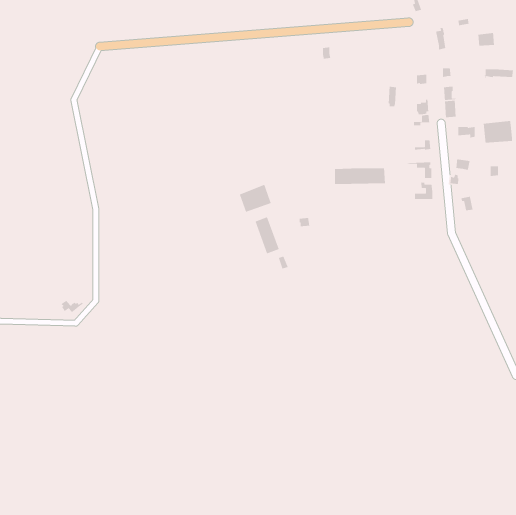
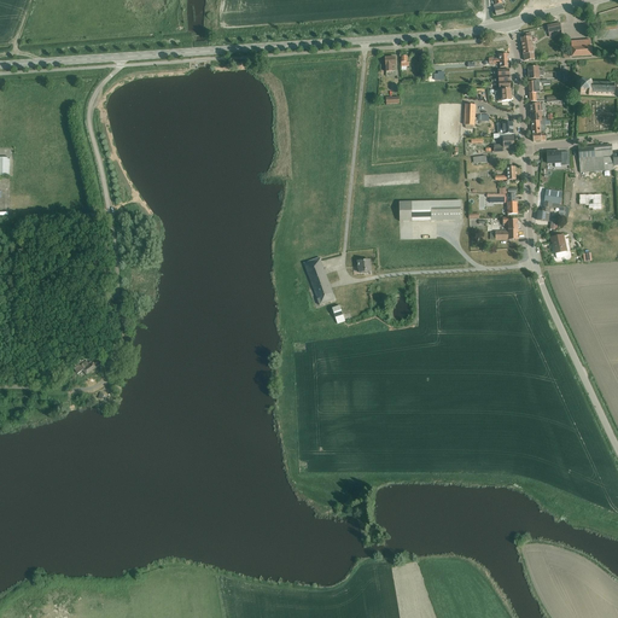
building: [239,184,272,213] -> none

